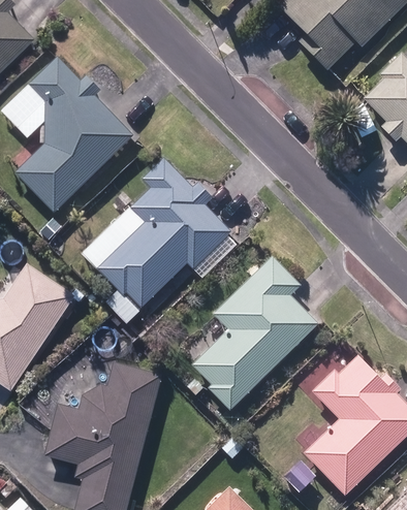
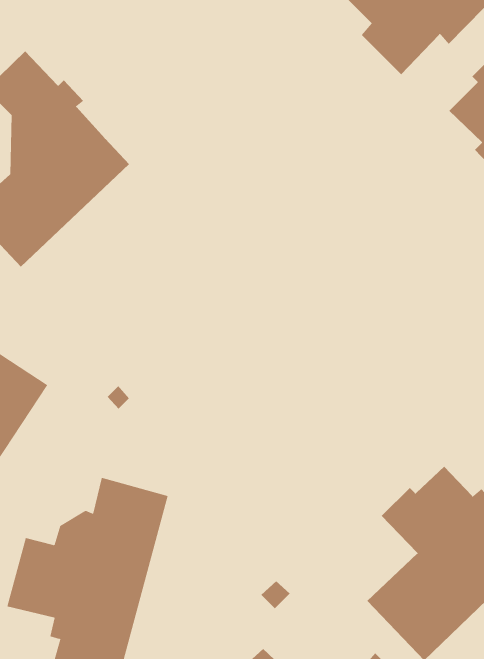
building: [100,156,234,306] -> none
building: [195,254,321,409] -> none

